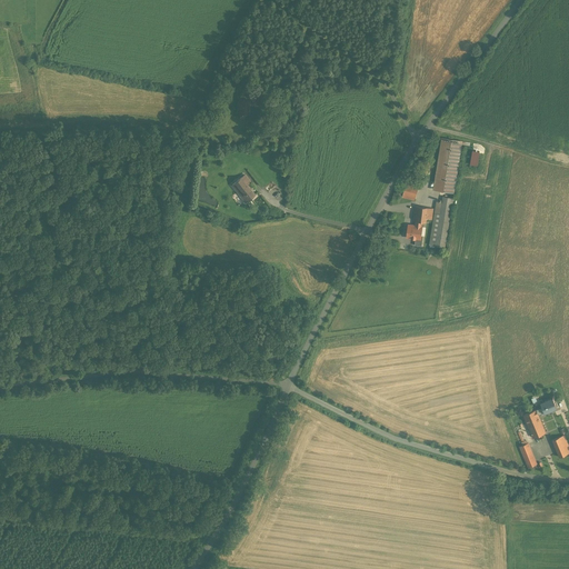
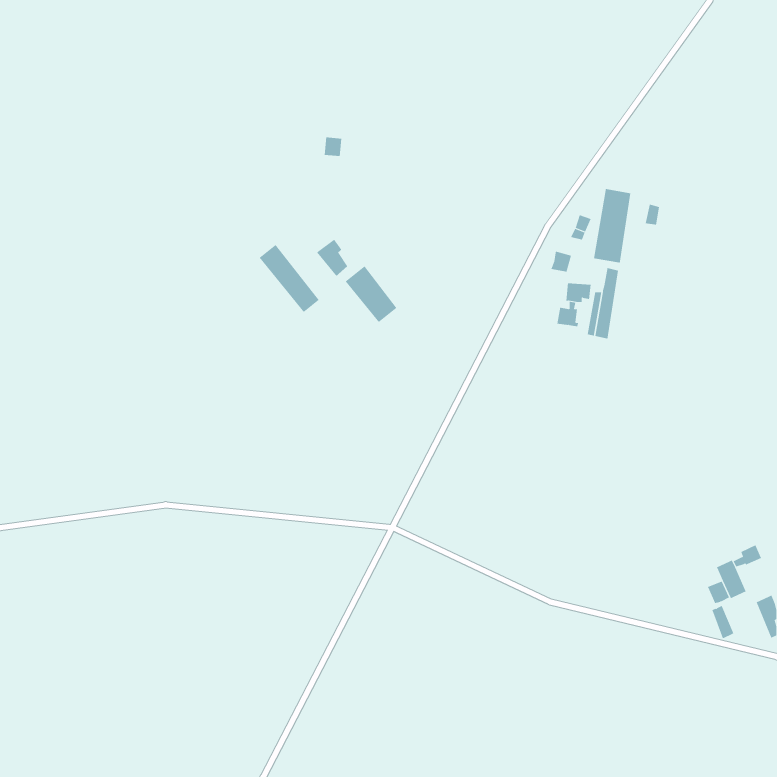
building: none -> [259,244,319,313]
building: none -> [345,266,397,323]

